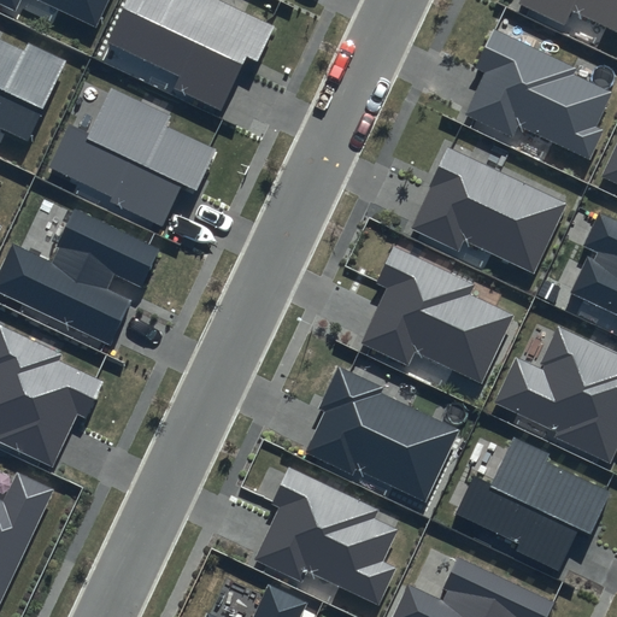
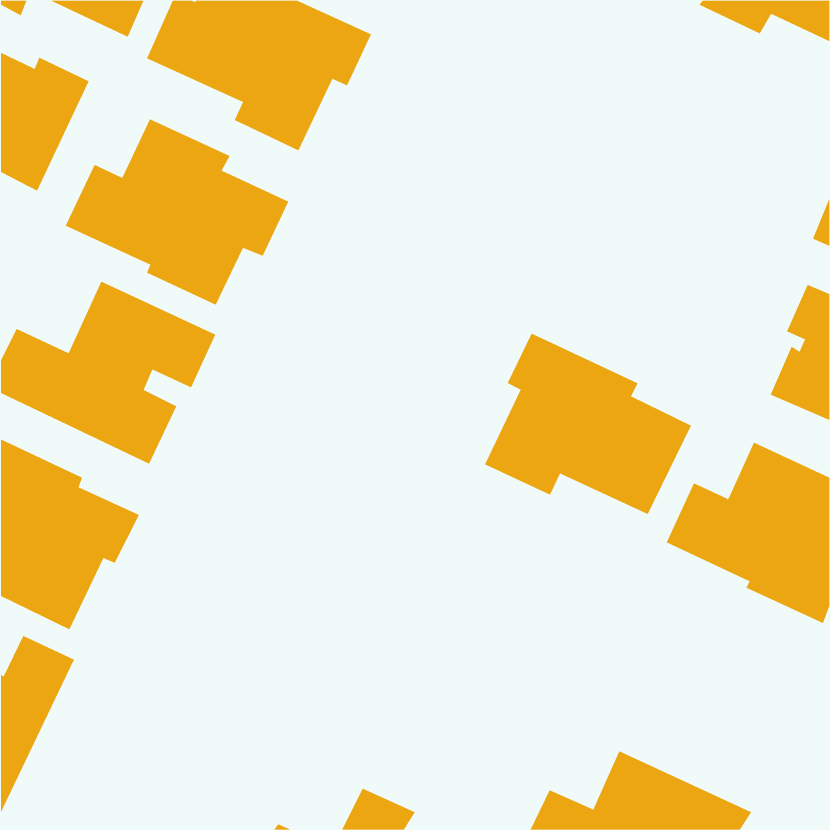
building: [464,30,611,160] -> none
building: [410,147,566,274] -> none
building: [302,365,458,500] -> none
building: [456,437,611,572] -> none
building: [254,468,396,606] -> none

